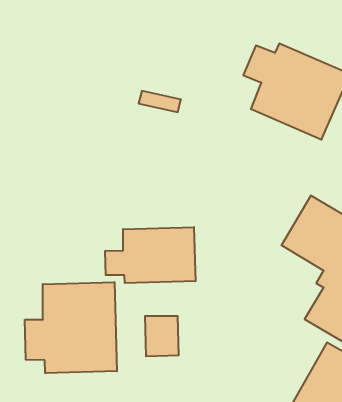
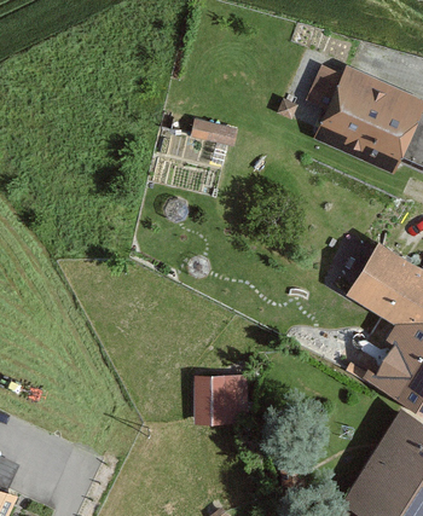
building: [105,227,195,283] -> none
building: [25,282,117,373] -> none

